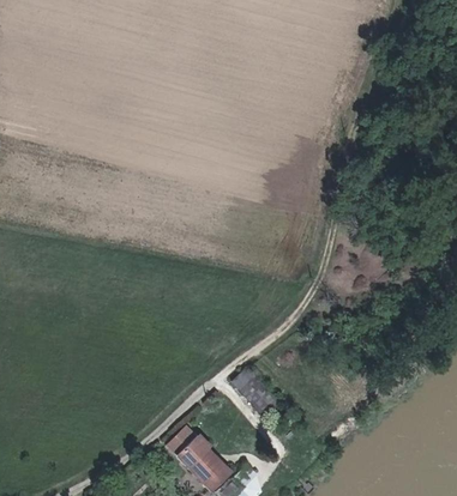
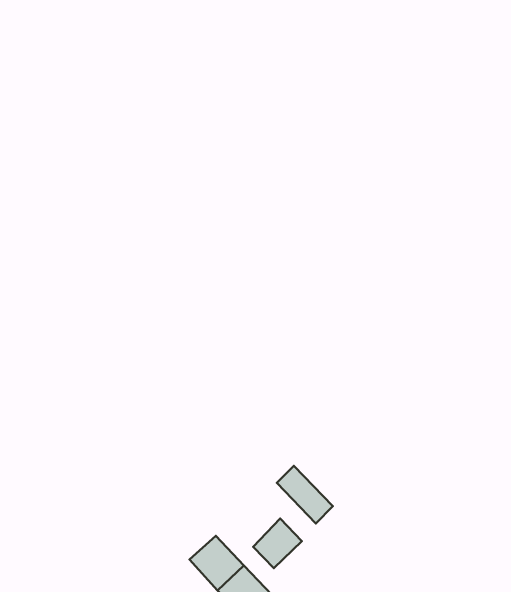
building: none -> [253,518,302,568]

